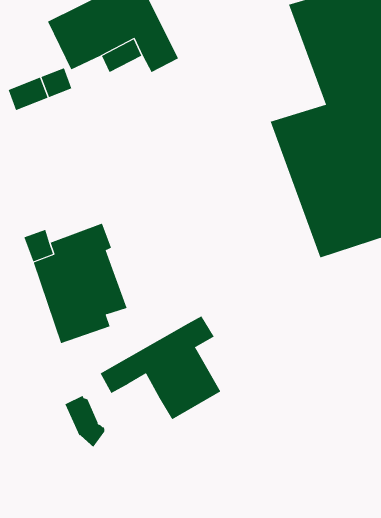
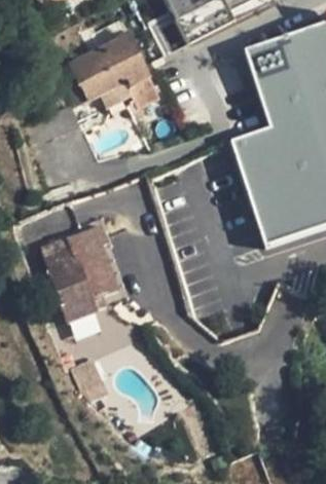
building: [100,315,221,420] -> none

